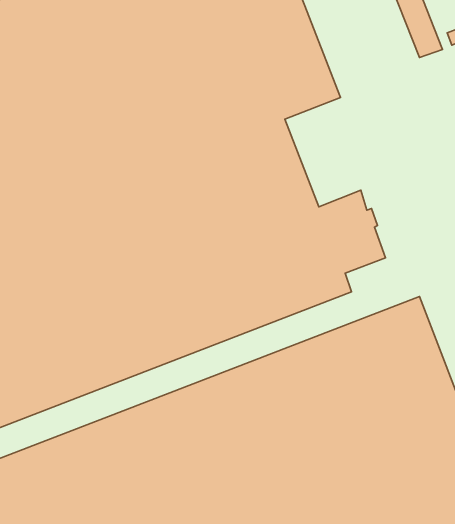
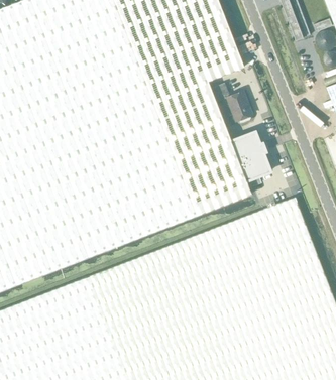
building: none -> [211,83,252,124]

